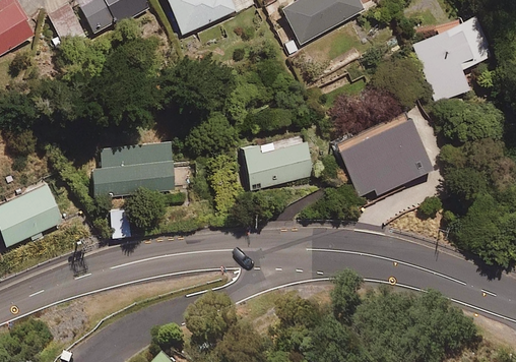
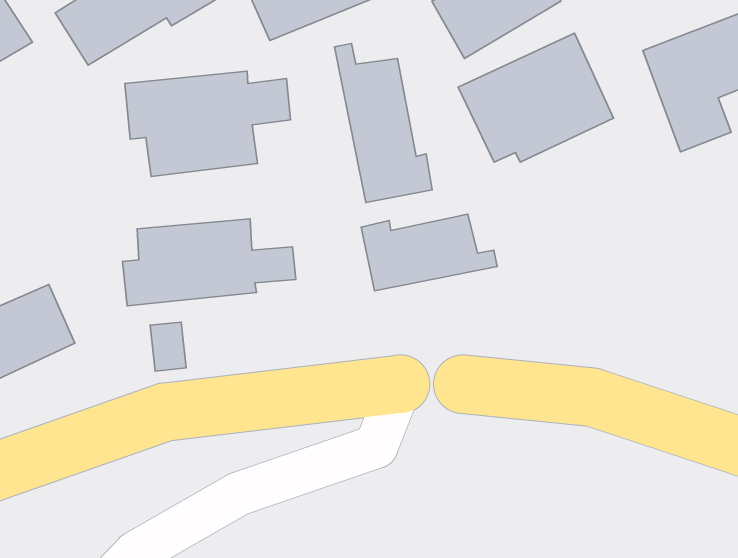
building: none -> [335,44,432,203]
building: none -> [125,71,291,176]
building: [337,116,434,196] -> [458,33,614,162]

